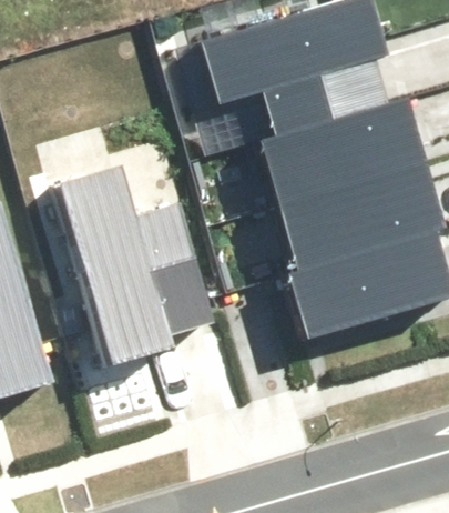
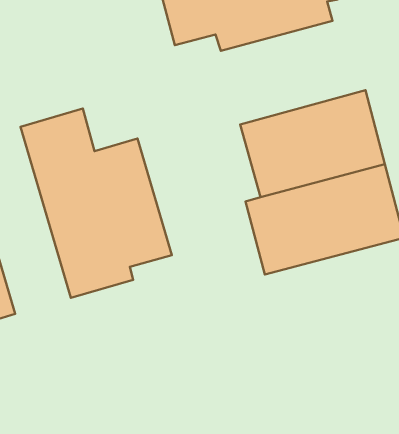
building: [263,76,412,183] -> none

